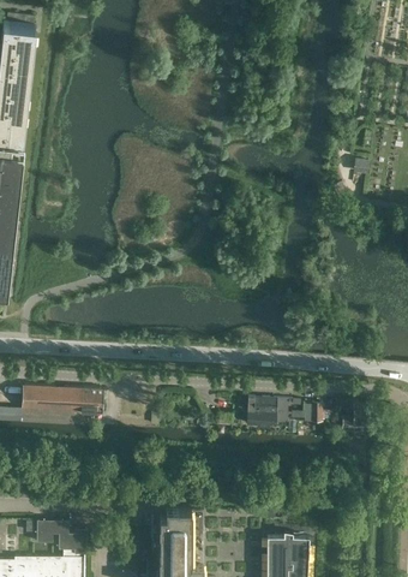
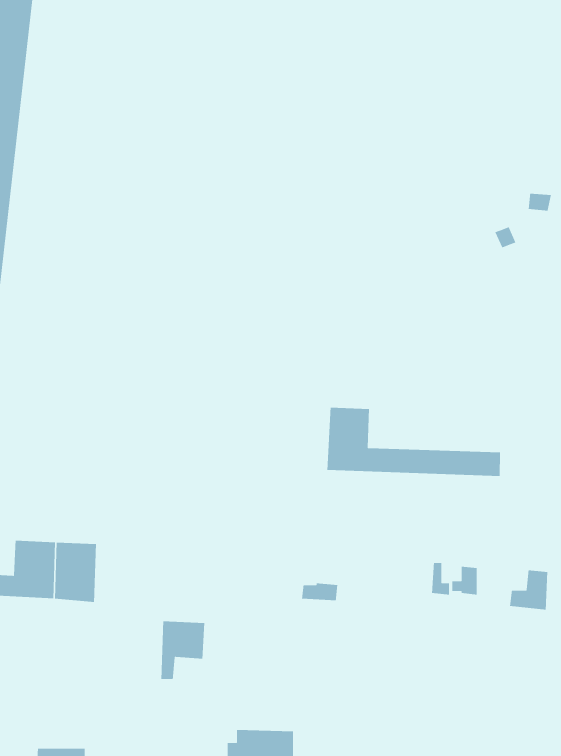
building: none -> [327,407,501,477]
building: [73,388,102,427] -> [161,620,205,680]
building: [246,398,286,429] -> none

